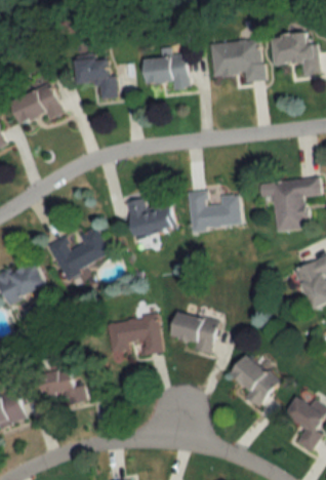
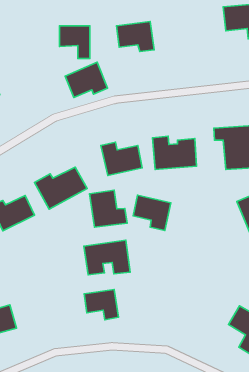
building: [210,39,264,82] -> none
building: [15,82,66,124] -> [65,62,107,98]
building: none -> [90,190,127,227]
building: [175,312,220,354] -> [133,195,171,231]
building: [222,354,275,403] -> none
building: [45,370,86,406] -> [84,290,119,320]

